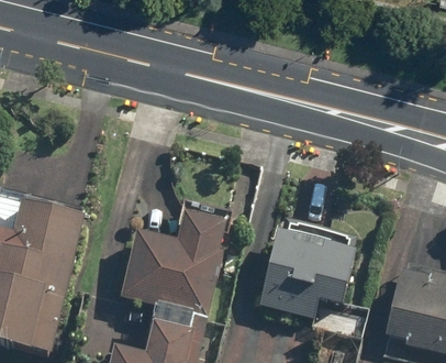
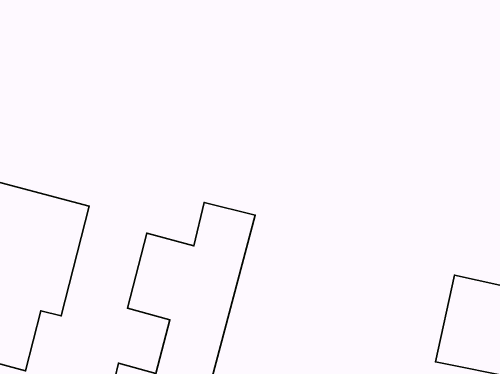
building: [257,232,358,322] -> none

